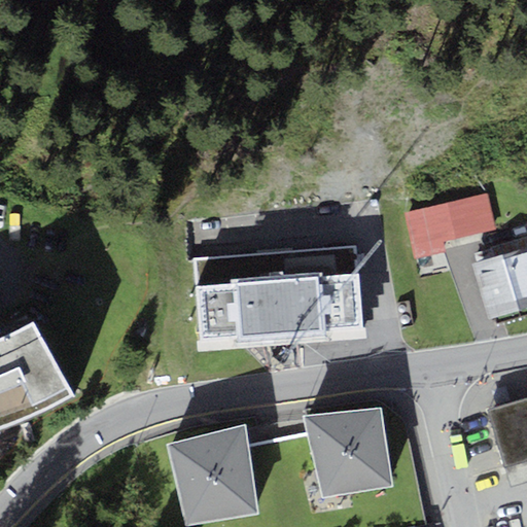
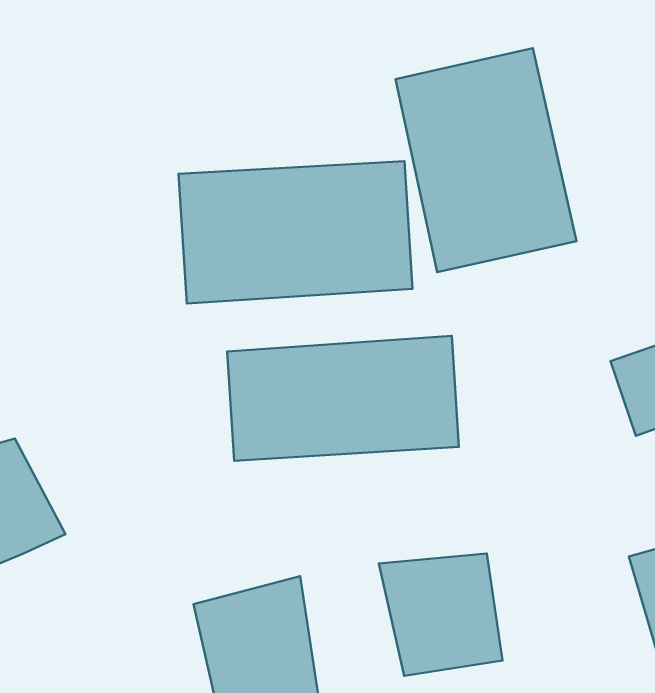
building: none -> [395,48,576,272]
building: none -> [179,161,413,303]
building: [405,195,495,259] -> none

